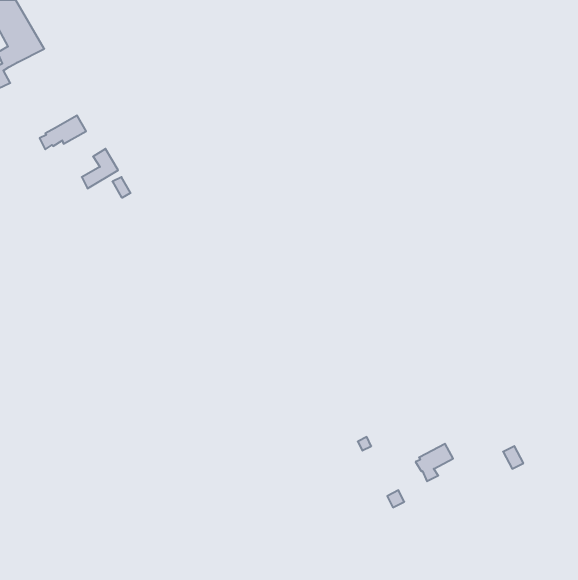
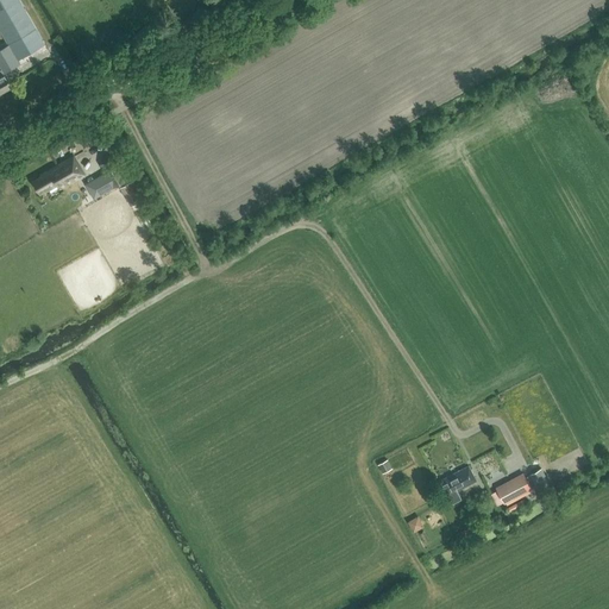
building: [40,115,86,149] -> [32,157,81,193]
building: none -> [492,472,528,503]

